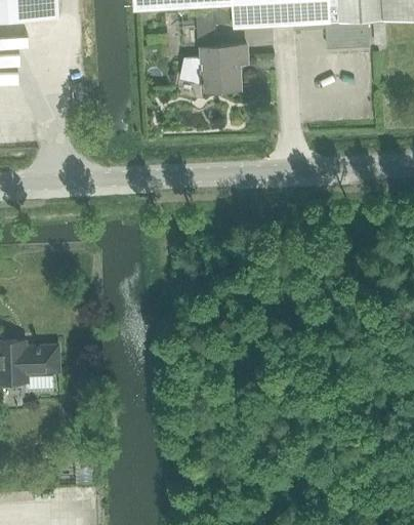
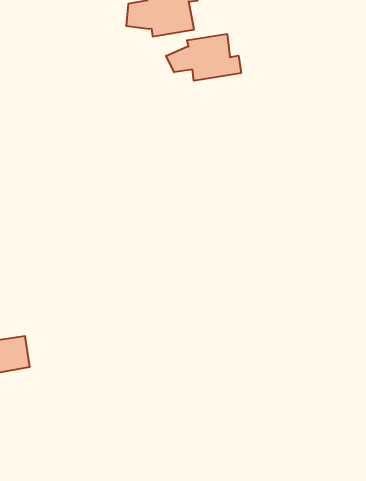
building: none -> [166,34,241,81]

